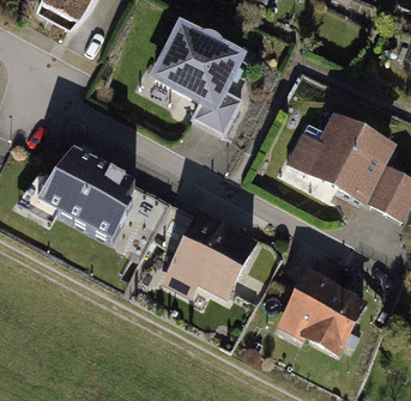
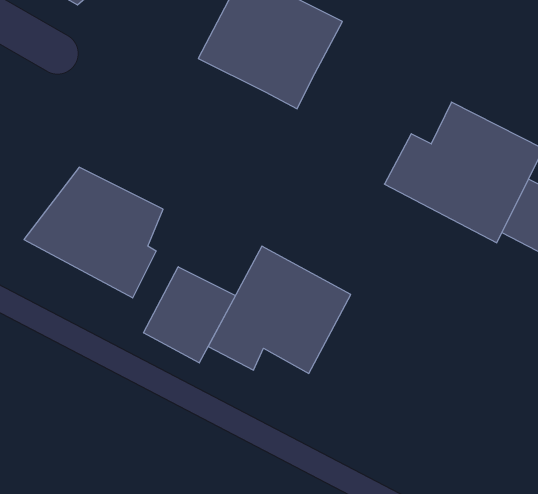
building: [188,91,244,138] -> none
building: none -> [144,267,236,363]
building: [273,265,369,358] -> none

